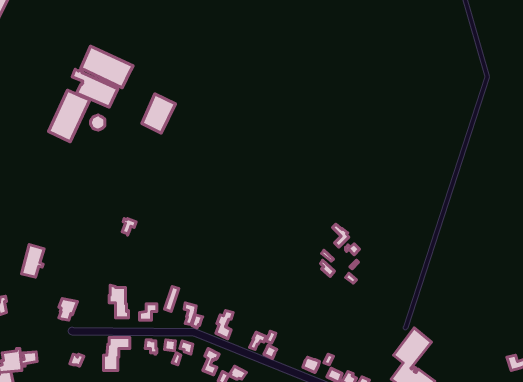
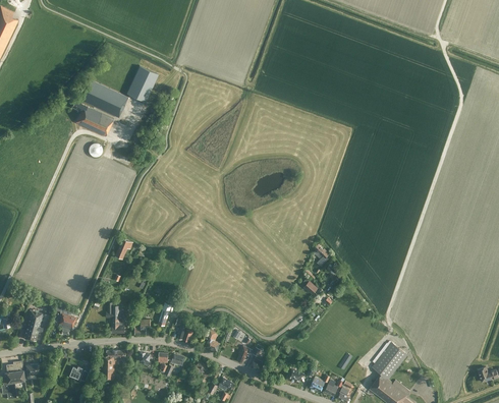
building: [49,90,90,142] -> none
building: [142,94,175,133] -> [126,65,158,102]
building: [21,244,44,277] -> [22,309,44,340]

